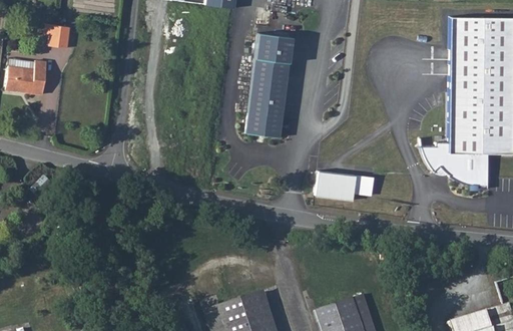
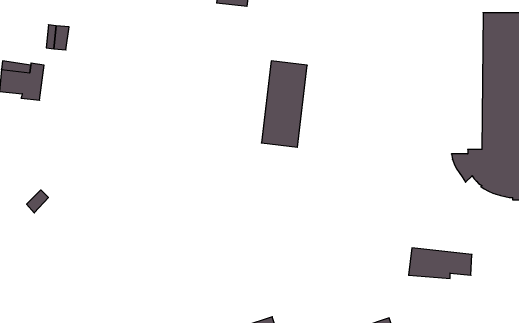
building: [255,33,292,62] -> none
building: [315,173,373,201] -> [409,248,472,278]

